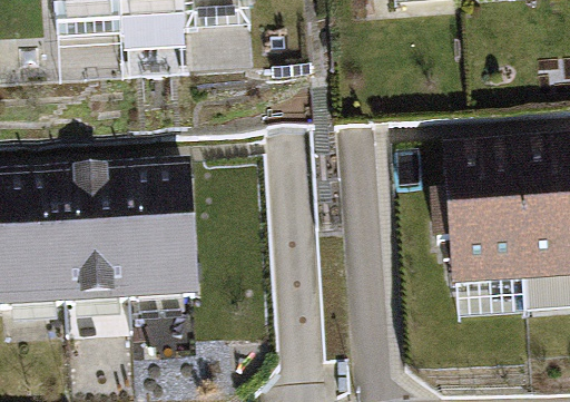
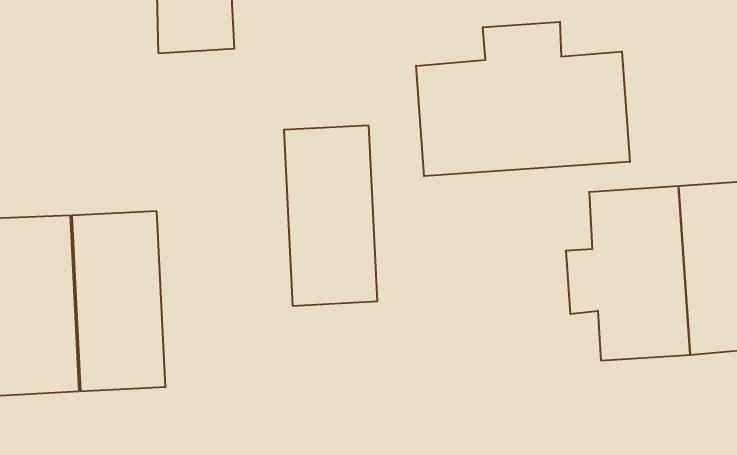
building: none -> [416,22,630,176]
building: [127,195,198,332] -> [284,126,377,306]

